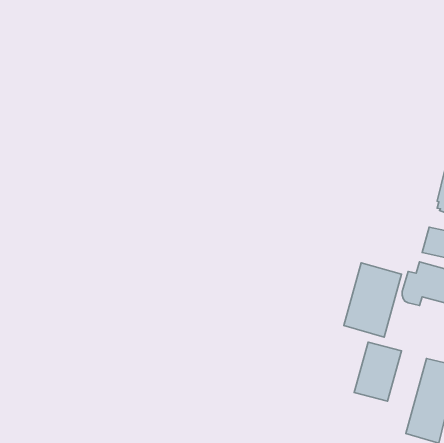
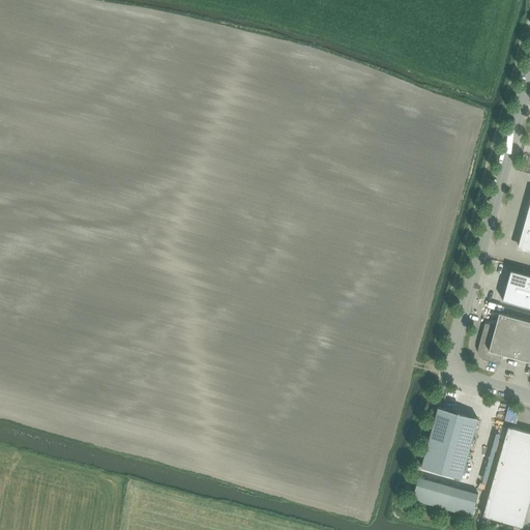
building: [344,263,402,337] -> none
building: none -> [413,478,479,518]

